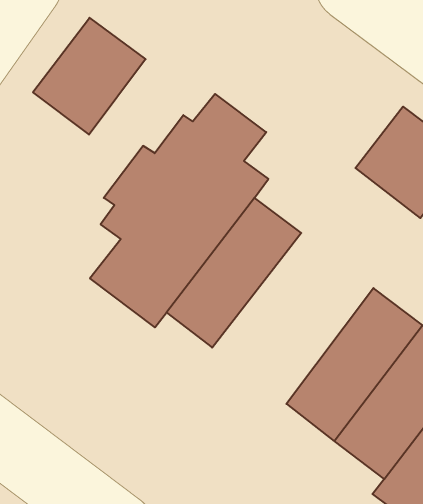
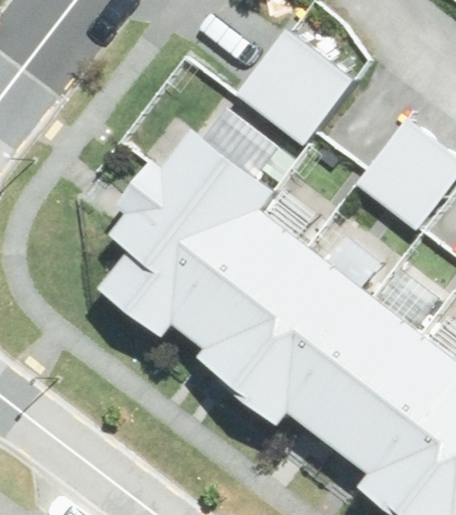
building: none -> [238,33,351,145]
building: [33,18,146,135] -> none
building: none -> [212,244,372,415]

